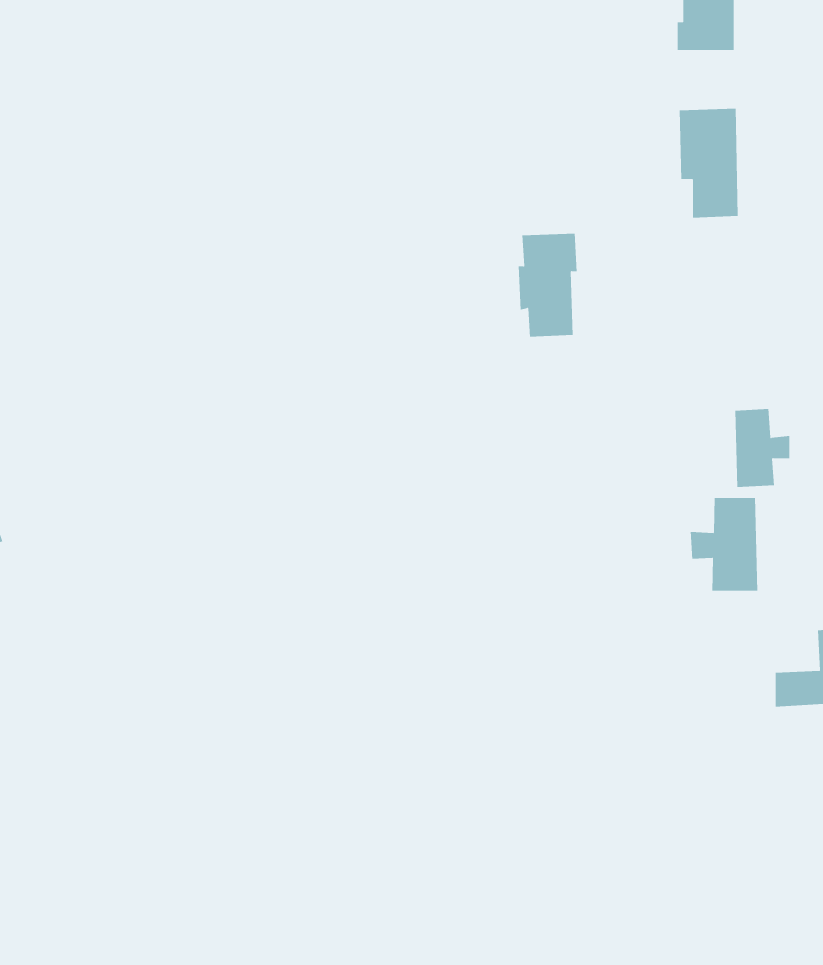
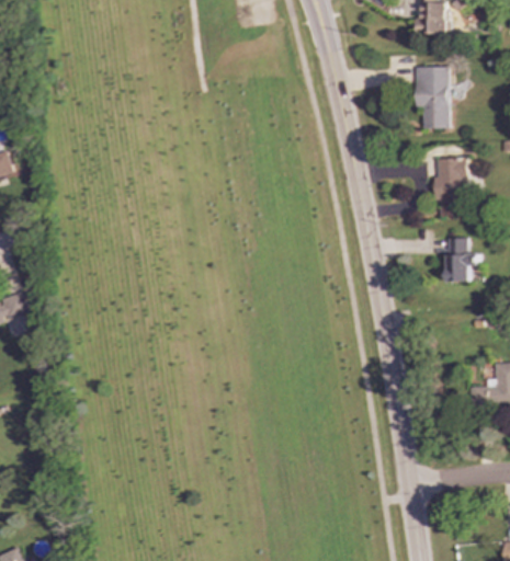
building: [518,233,577,337] -> [433,157,467,216]
building: [690,497,758,592] -> none

